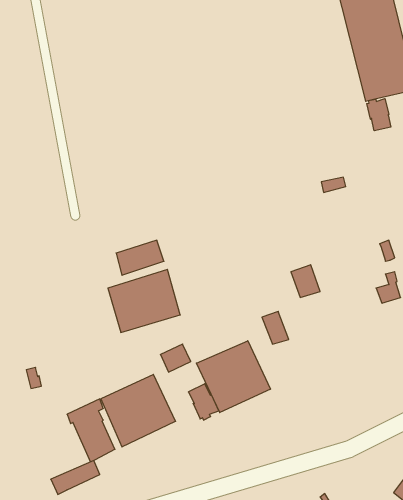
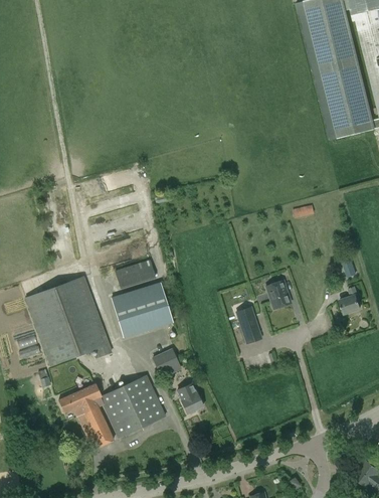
building: [367,99,391,131] -> none
building: none -> [26,276,112,364]
building: [196,341,270,413] -> none
building: [51,461,100,494] -> [59,383,102,412]

